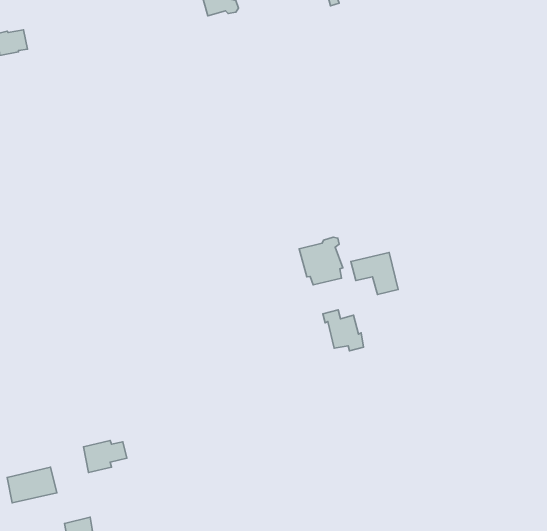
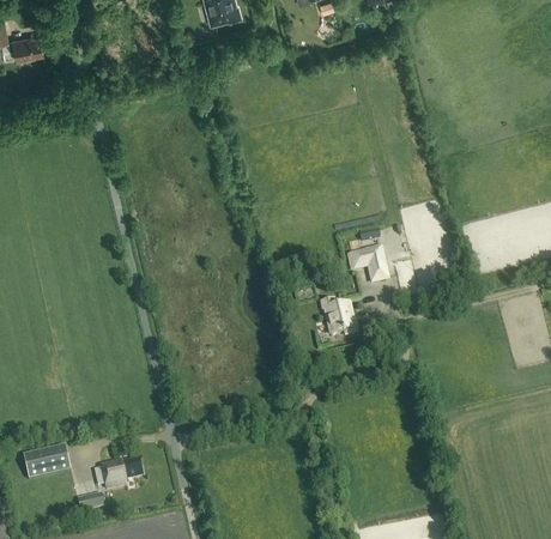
building: [299,237,343,285] -> none
building: [83,440,127,472] -> [101,459,141,489]

